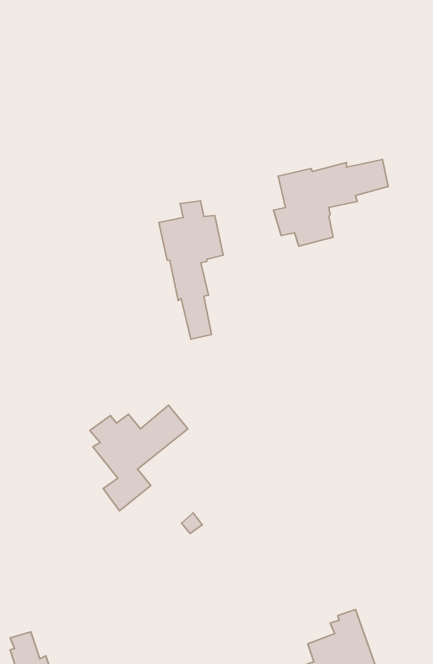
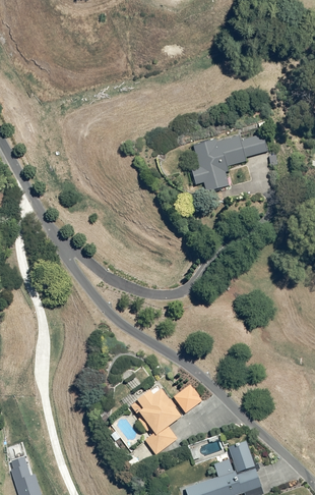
building: [159,201,223,339] -> none
building: [90,405,188,511] -> [134,383,201,455]

